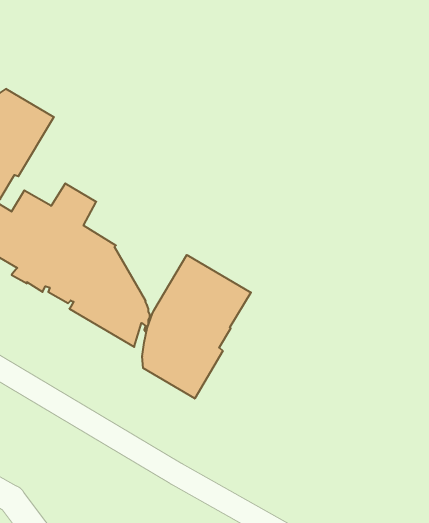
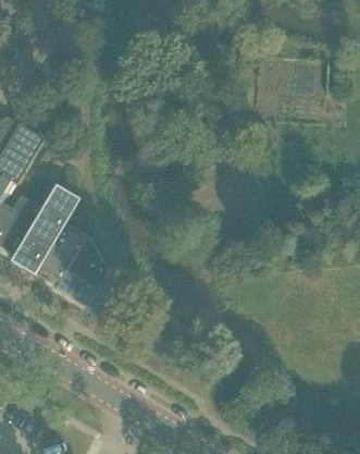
building: [142,255,251,399] -> none

